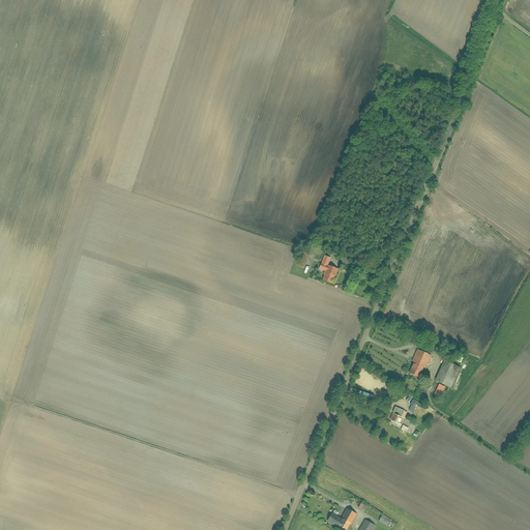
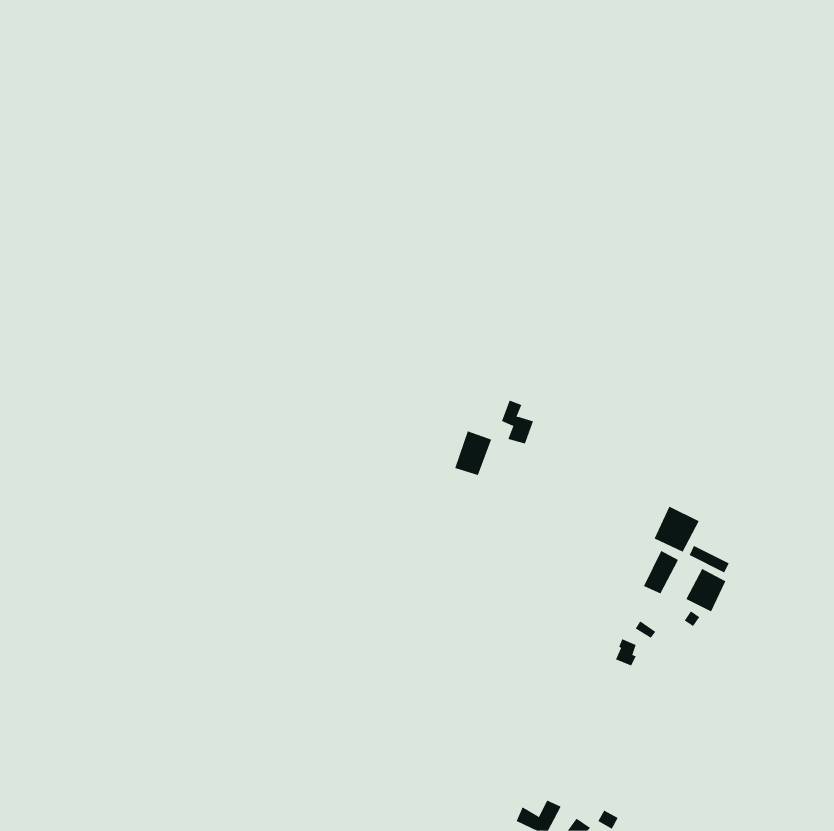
building: none -> [455,430,492,476]
building: none -> [654,506,700,552]

